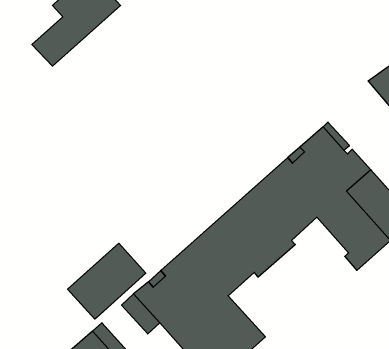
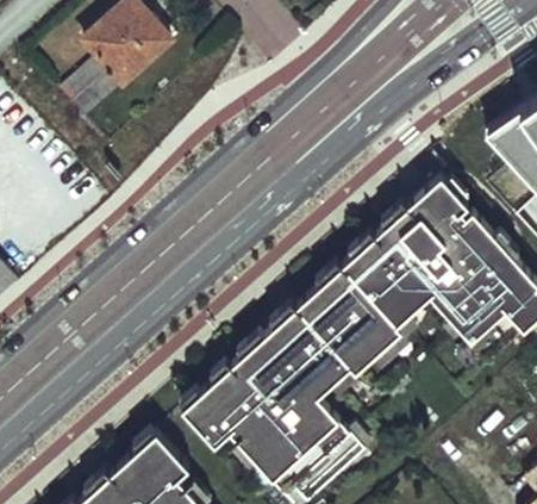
building: [68,243,146,319] -> none

